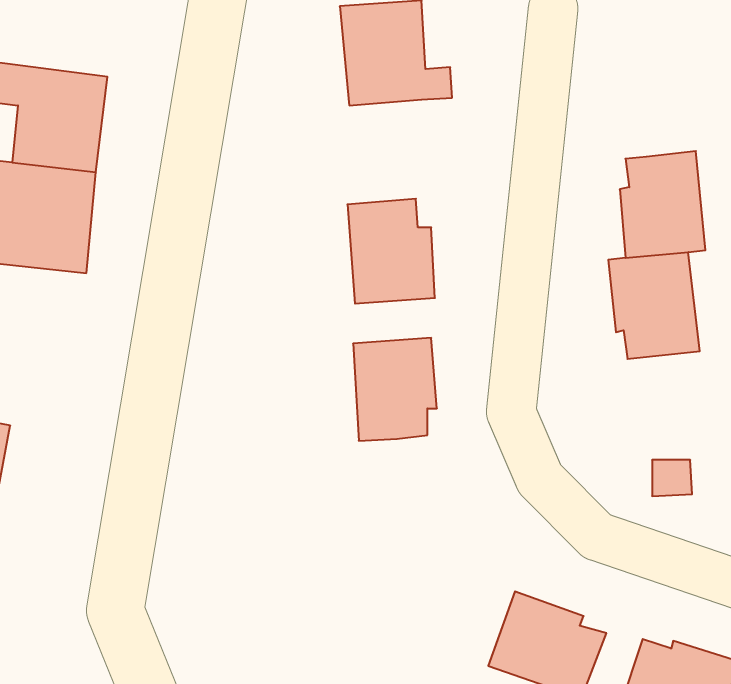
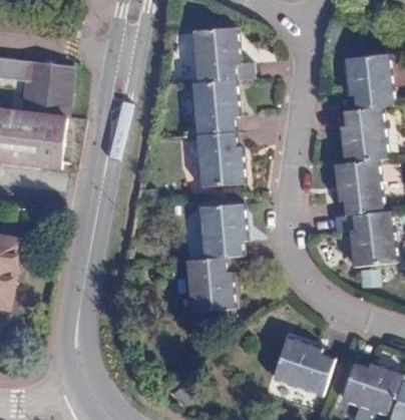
building: none -> [345,53,393,108]
building: none -> [193,78,239,133]
building: none -> [334,209,395,266]
building: none -> [186,257,232,311]

